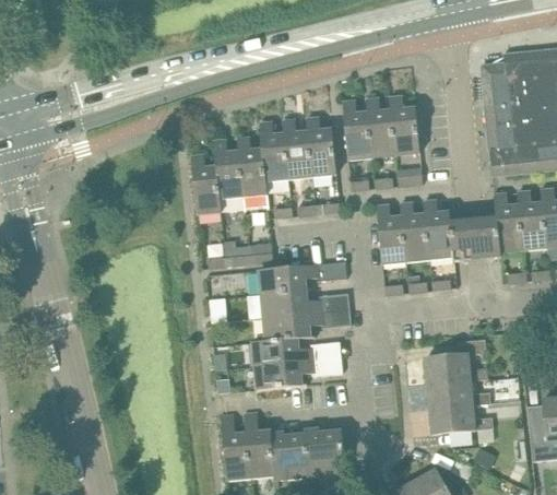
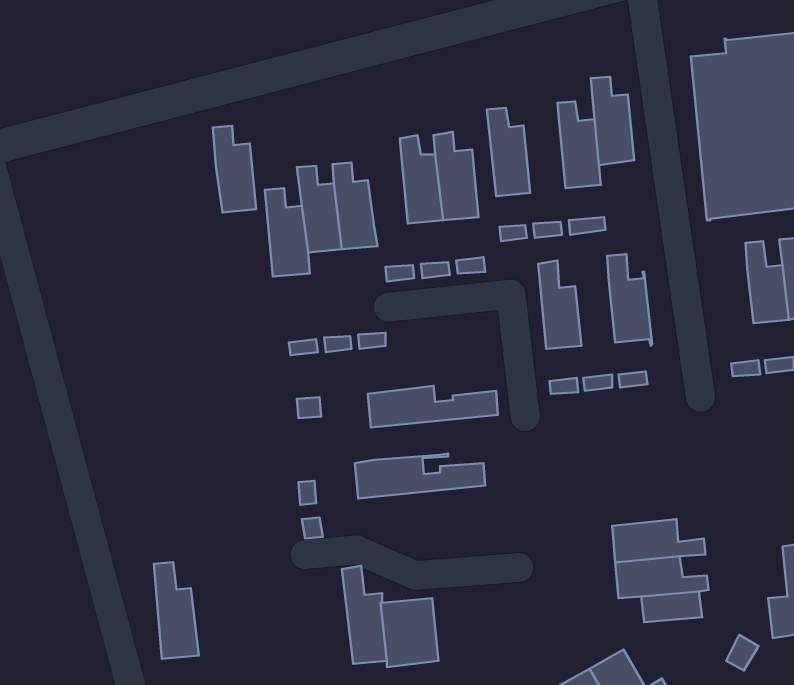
building: [366,97,395,157] -> [591,77,634,165]
building: [259,121,288,180] -> [213,126,256,213]
building: [494,192,523,251] -> none
building: [400,201,429,261] -> none
building: [462,219,490,259] -> none
building: [259,261,346,294] -> none
building: [263,308,352,339] -> none
building: [425,339,487,384] -> none
building: [254,356,343,389] -> none
building: [221,414,251,480] -> [154,562,199,659]
building: [305,429,346,475] -> none

